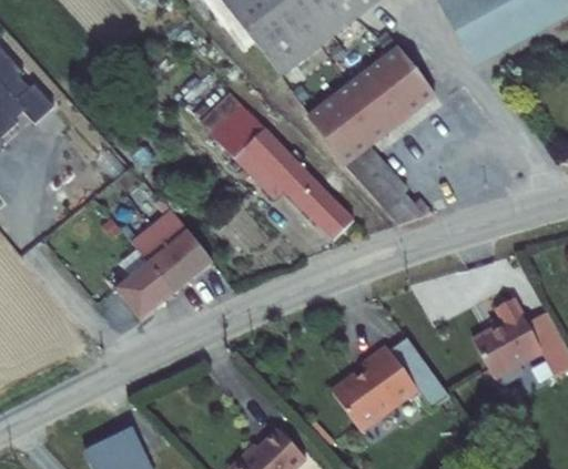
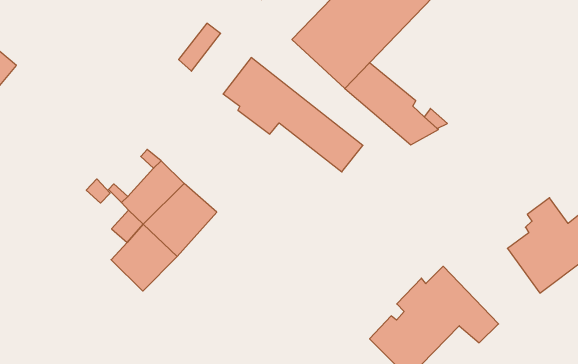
building: [210,101,265,157] -> none

